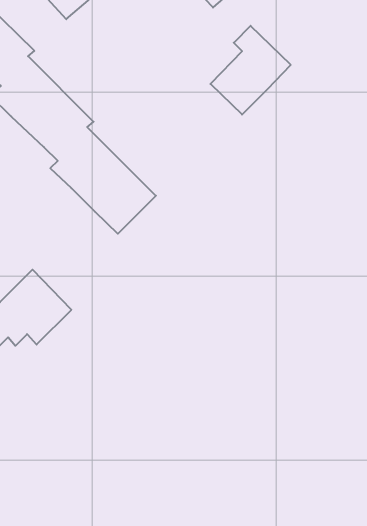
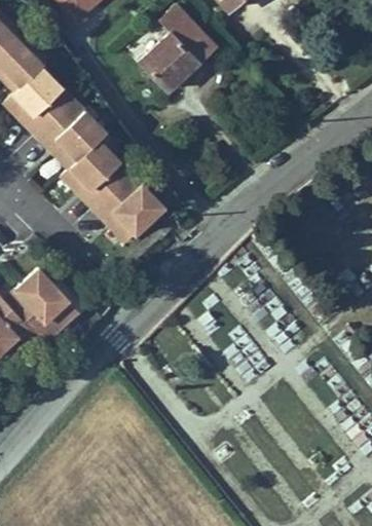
building: [210,26,291,115] -> [131,13,209,100]

